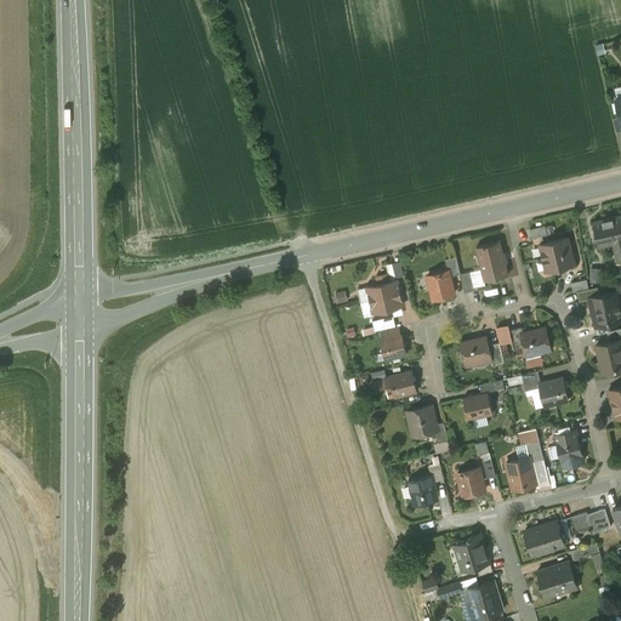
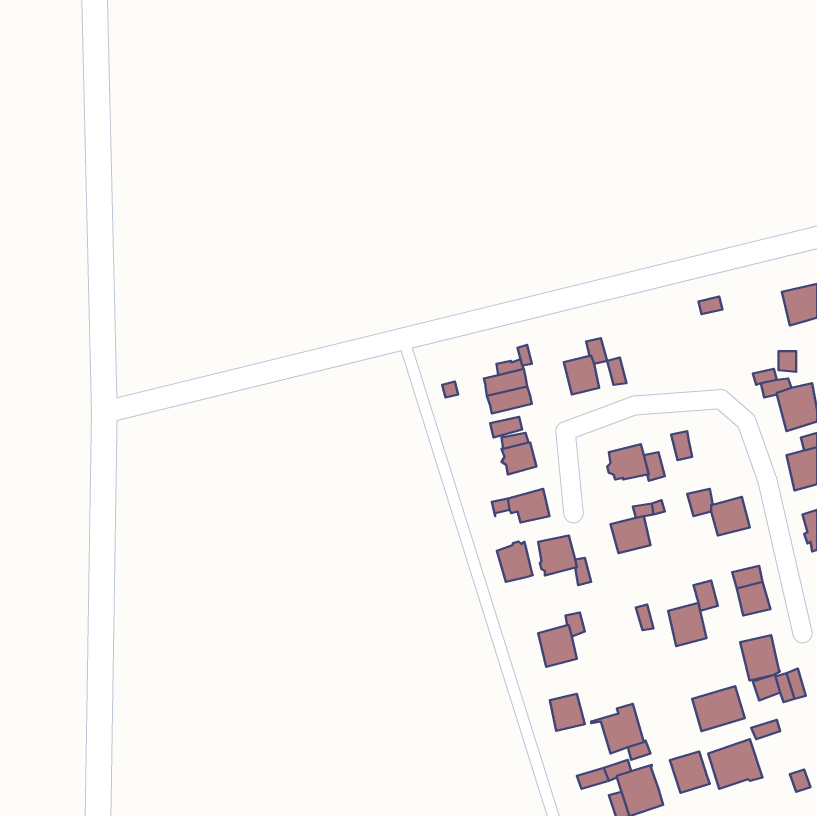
building: [539,239,574,273] -> none
building: [475,243,508,283] -> none
building: [522,330,549,357] -> none
building: none -> [497,542,533,582]
building: [457,469,484,497] -> [550,694,585,731]
building: none -> [740,635,780,681]
building: none -> [670,751,710,793]

